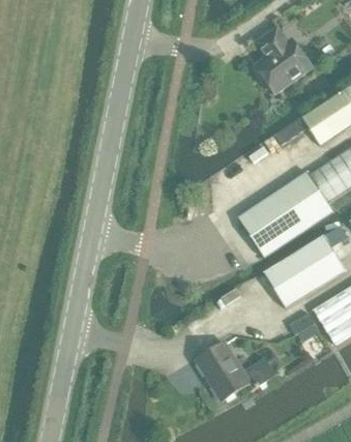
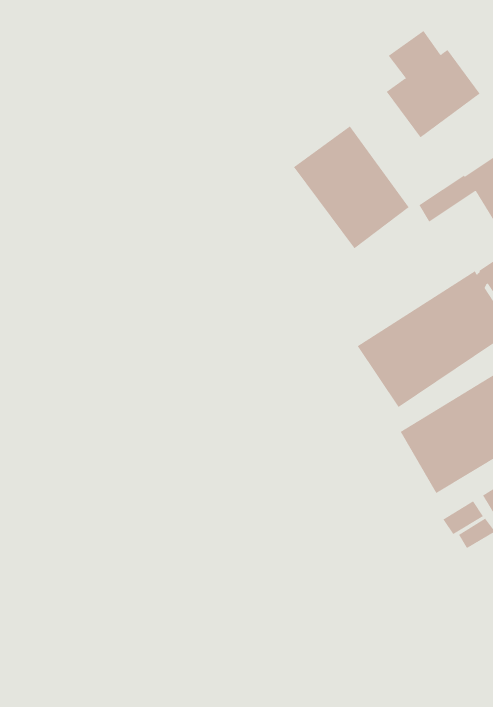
building: none -> [293,126,410,249]
building: [197,343,276,401] -> none

